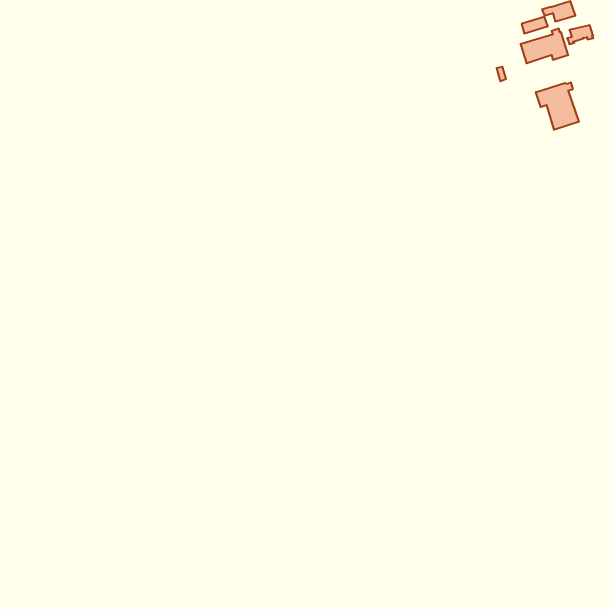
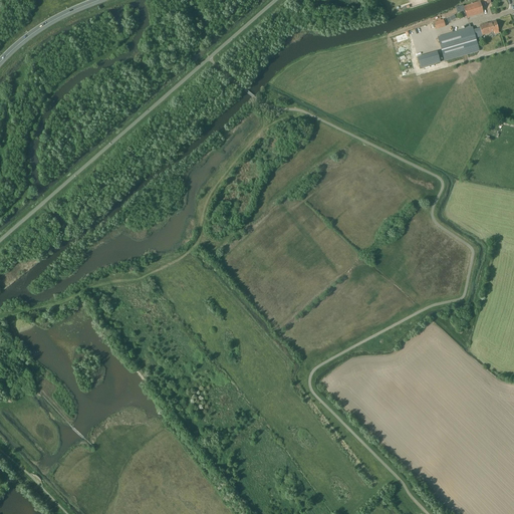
building: [536,82,579,130] -> none

